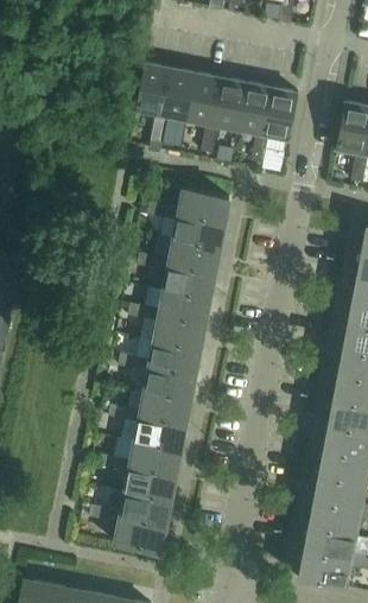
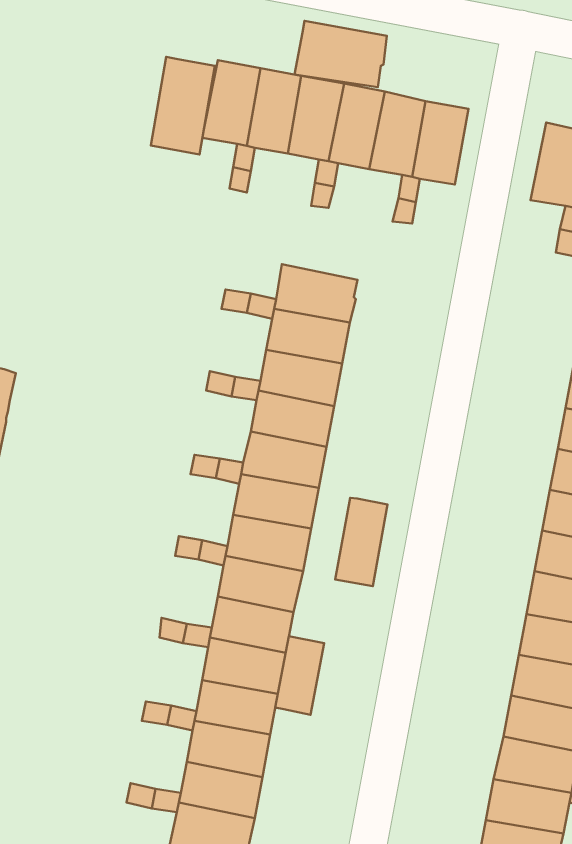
building: none -> [294,21,387,87]
building: none -> [151,57,215,154]
building: none -> [335,498,388,586]
building: none -> [275,636,324,715]

